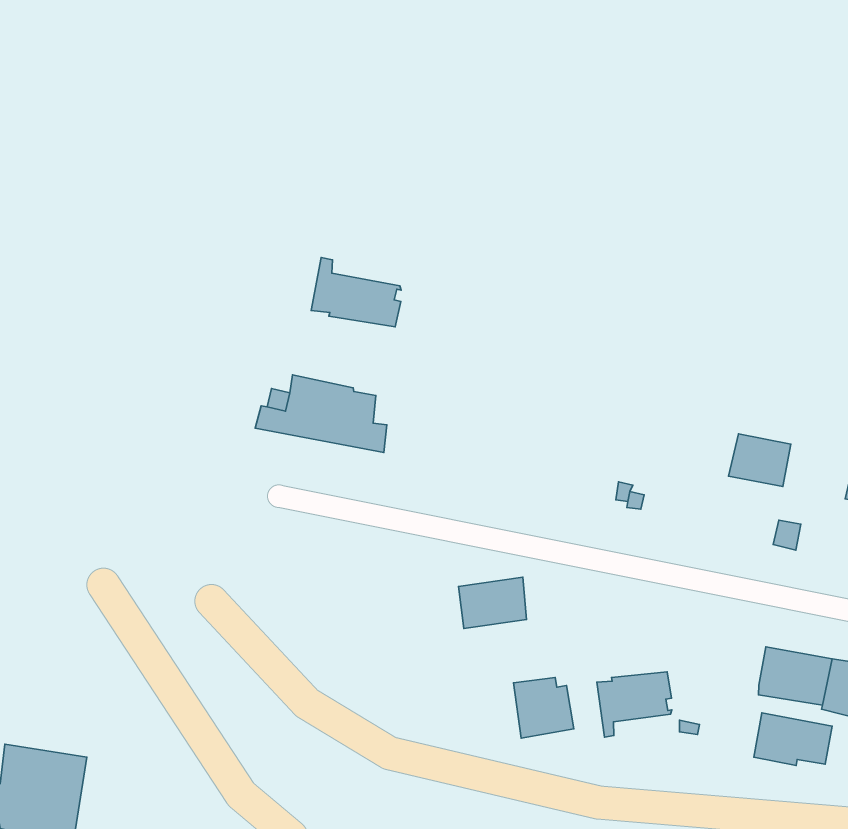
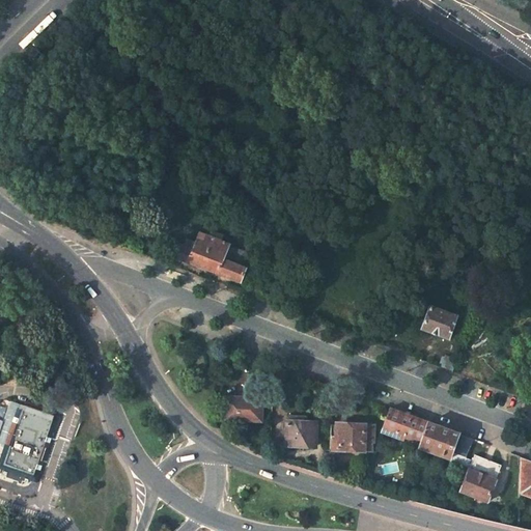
building: [311,257,401,327] -> none
building: [458,577,526,628] -> [226,397,262,421]
building: [754,713,832,765] -> [382,408,426,441]

